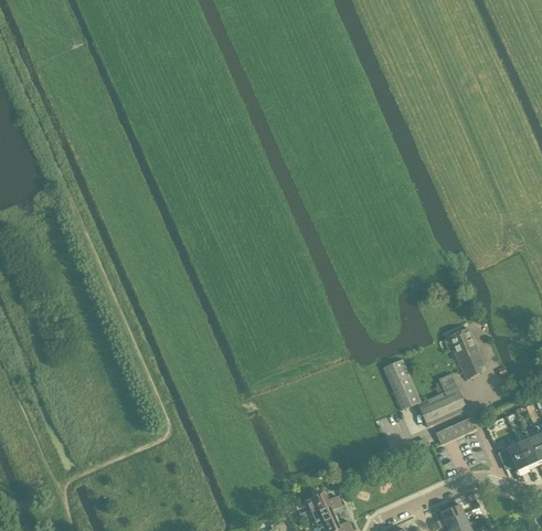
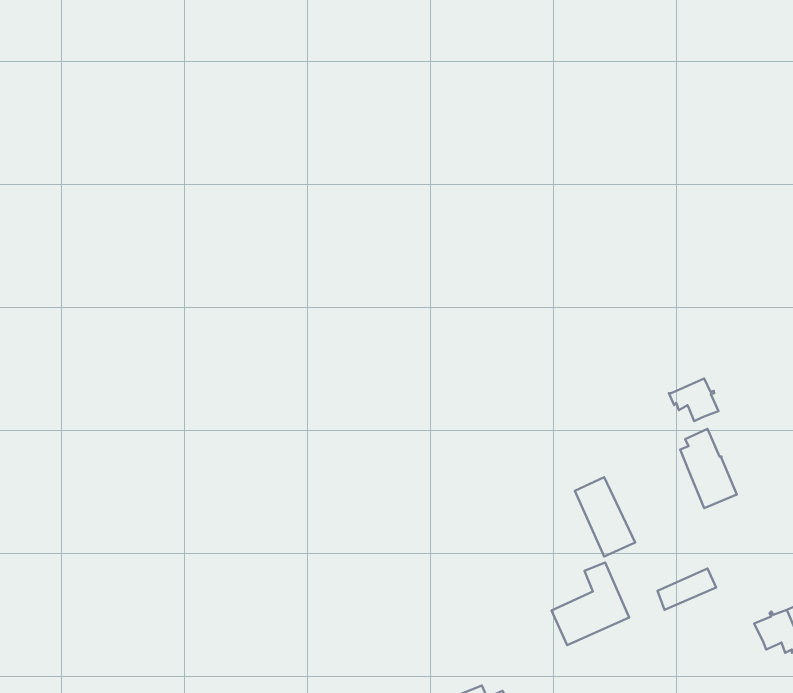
building: none -> [669,379,719,421]
building: [417,373,467,426] -> [552,562,629,645]

